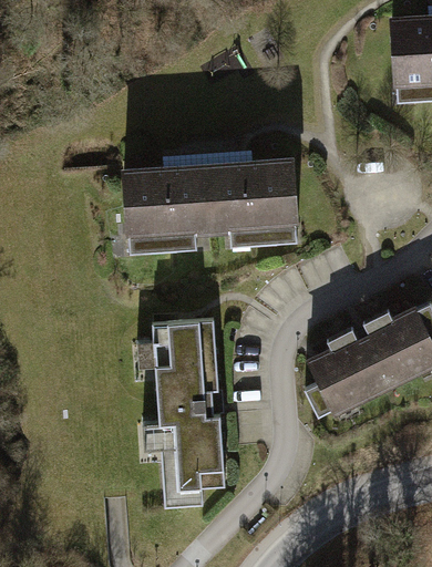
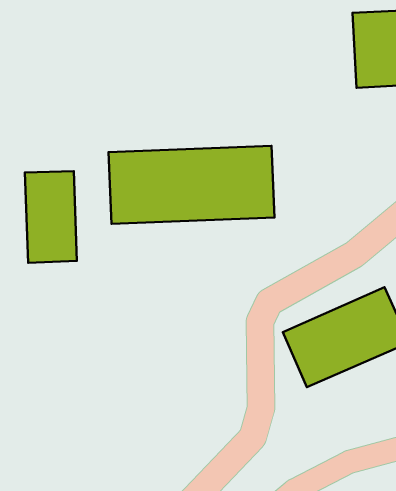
building: none -> [25,171,77,263]
building: [144,316,229,493] -> none

